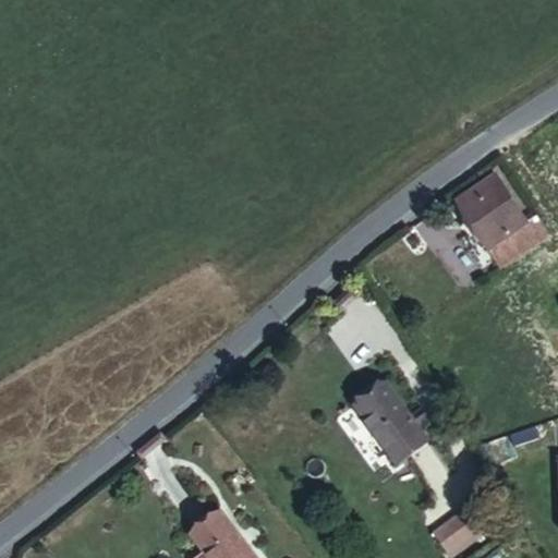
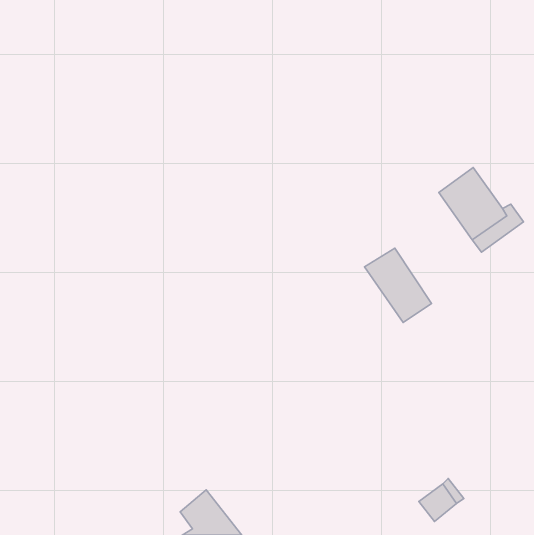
building: [353,386,423,463] -> [364,248,431,322]

